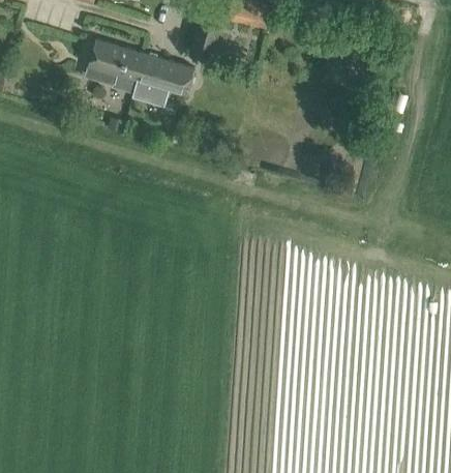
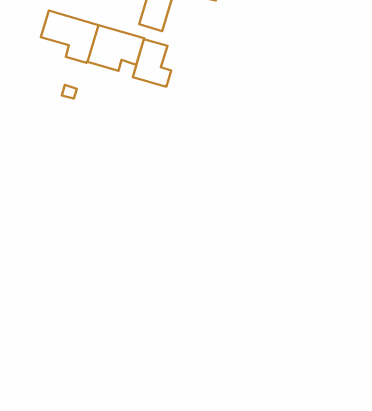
building: none -> [133,39,171,87]

